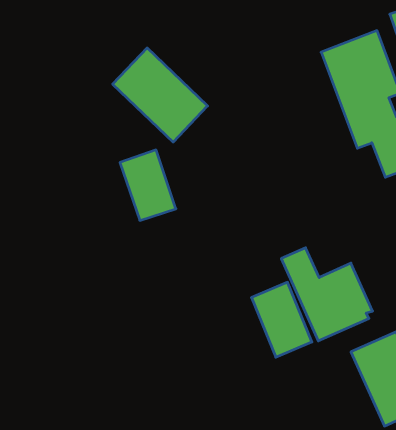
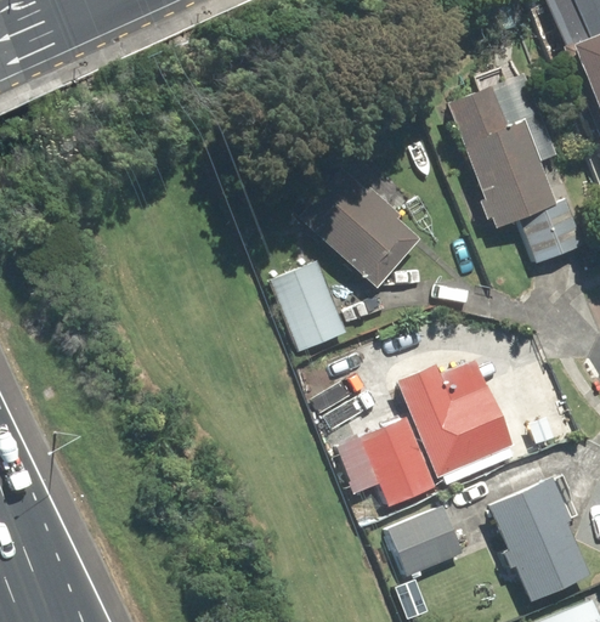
building: [113,48,208,142] -> [296,160,424,287]
building: [120,150,176,220] -> [268,259,344,354]
building: none -> [391,505,493,576]

